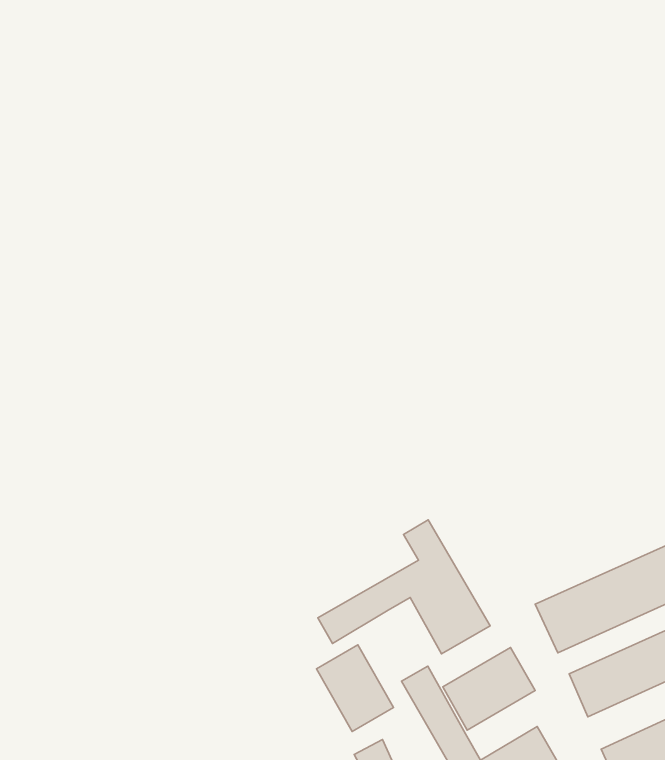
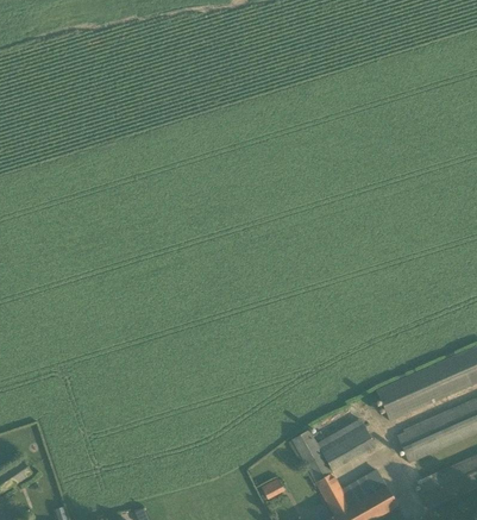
building: [318,520,490,654] -> none
building: [317,645,393,732] -> none

